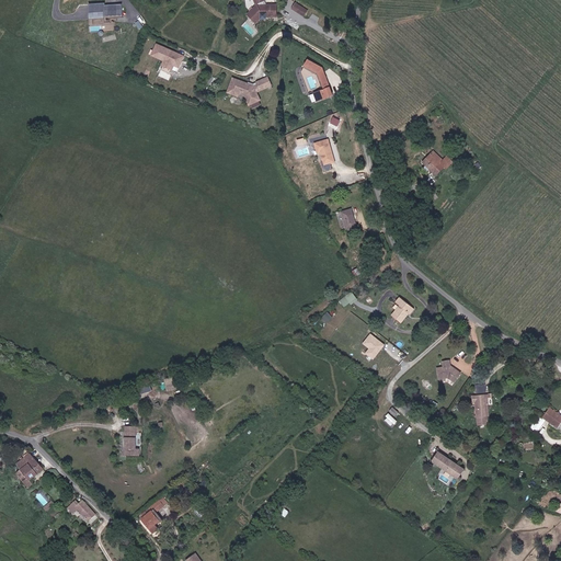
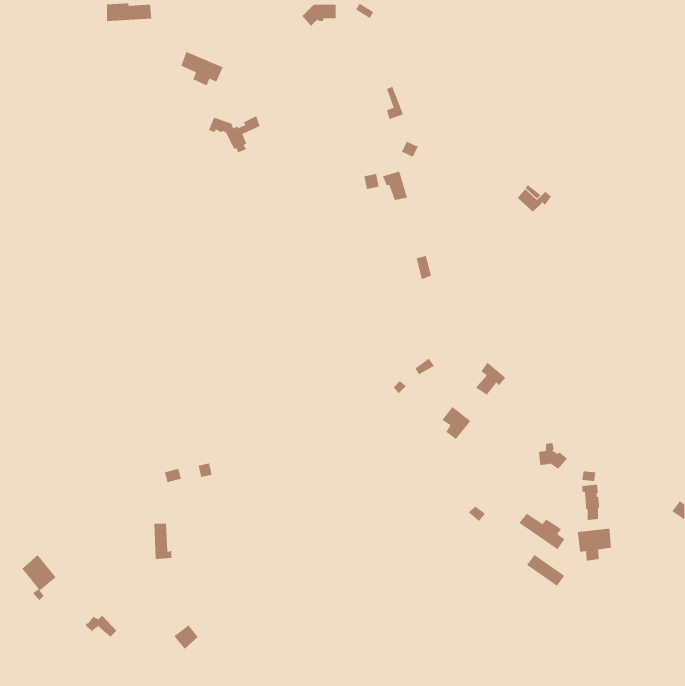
building: [225,76,267,106] -> [208,115,260,153]
building: none -> [518,513,565,550]
building: none -> [577,528,611,561]

